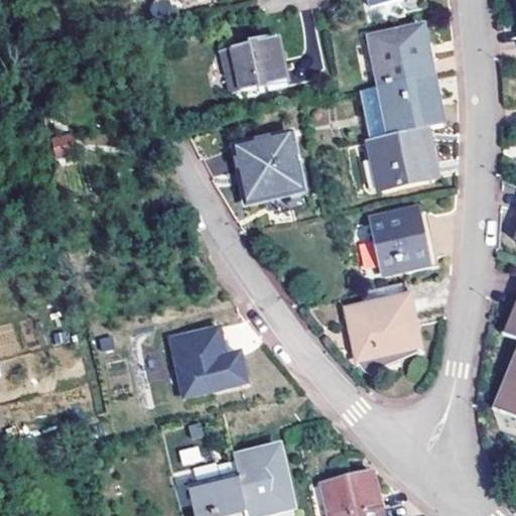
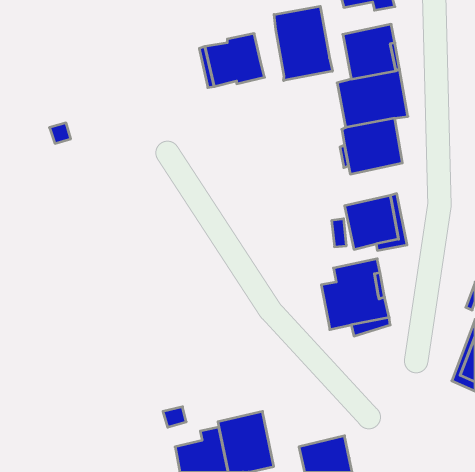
building: none -> [274,6,332,81]
building: [242,137,300,198] -> none
building: [165,319,248,394] -> none

